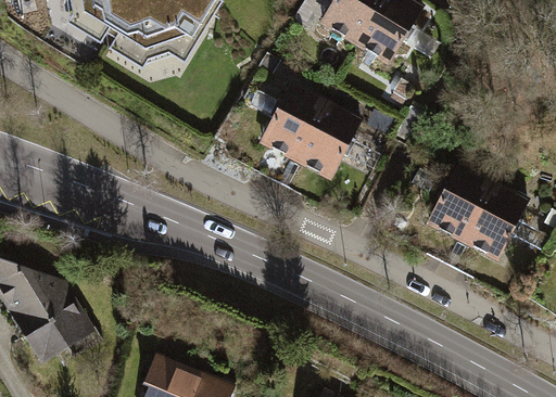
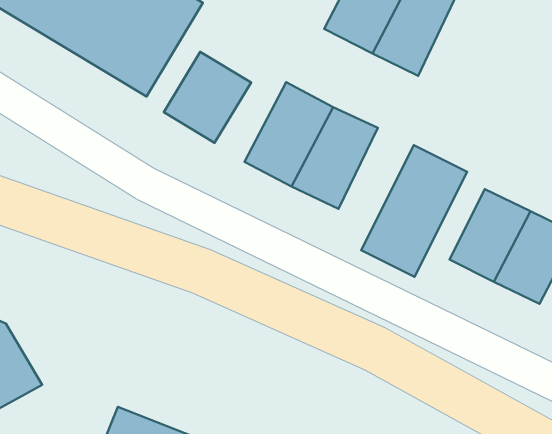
building: none -> [164,52,251,143]
building: none -> [361,145,467,277]

